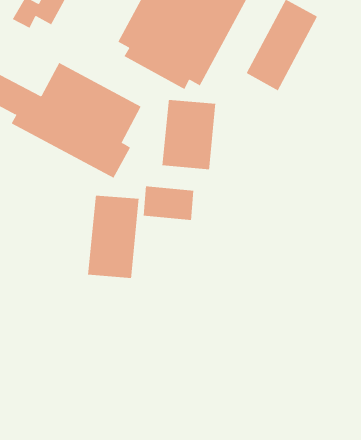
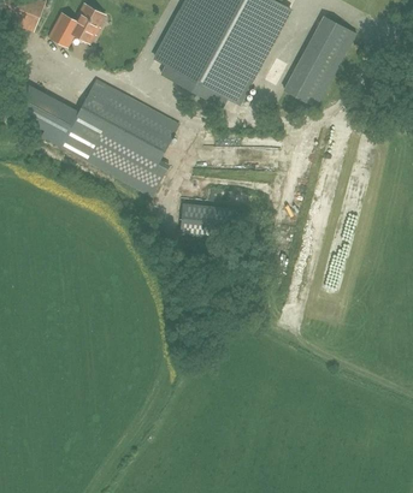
building: [162,99,216,170] -> none
building: [88,195,139,279] -> none

